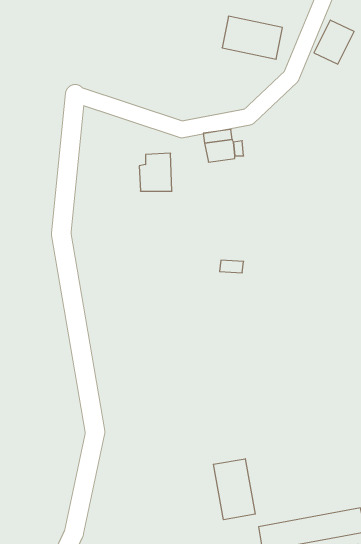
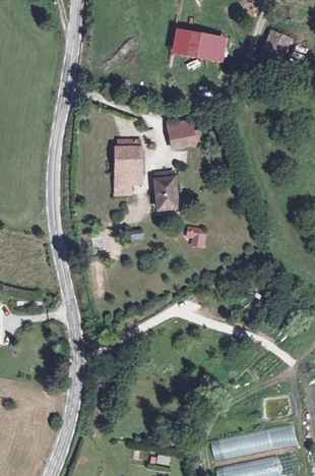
building: none -> [115,170,140,189]
building: none -> [155,173,179,209]
building: [213,459,255,520] -> none

